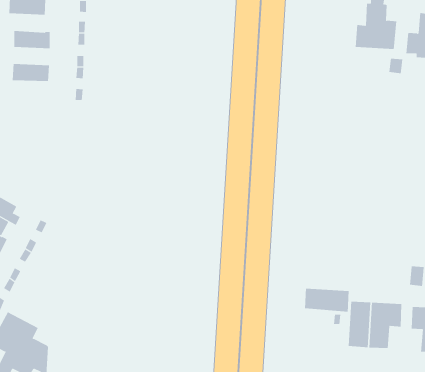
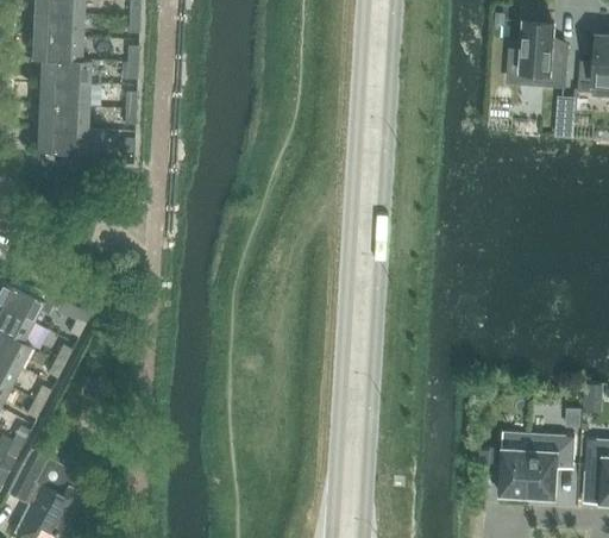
building: none -> [30,36,82,62]
building: none -> [37,82,89,107]
building: none -> [34,129,87,155]
building: [304,288,349,312] -> none

